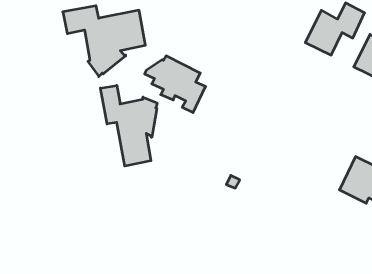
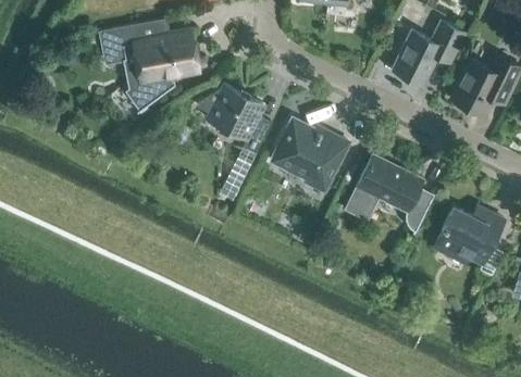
building: none -> [272,118,348,191]
building: [100,85,157,166] -> none
building: none -> [345,154,434,236]

